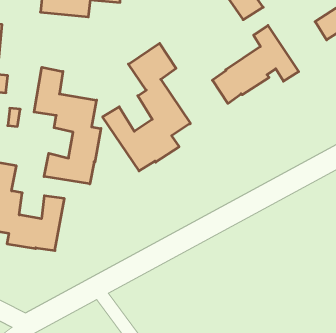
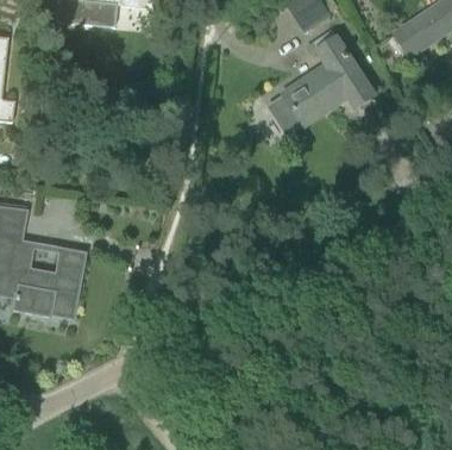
building: [103,43,190,171] -> none
building: [34,67,101,184] -> none

